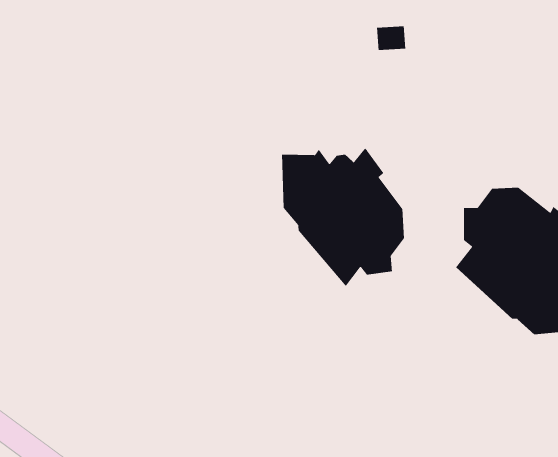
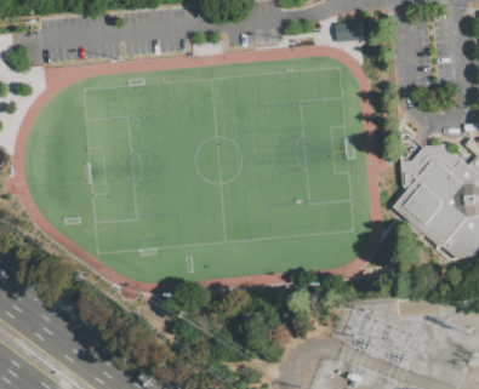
building: [281,147,405,287] -> none

